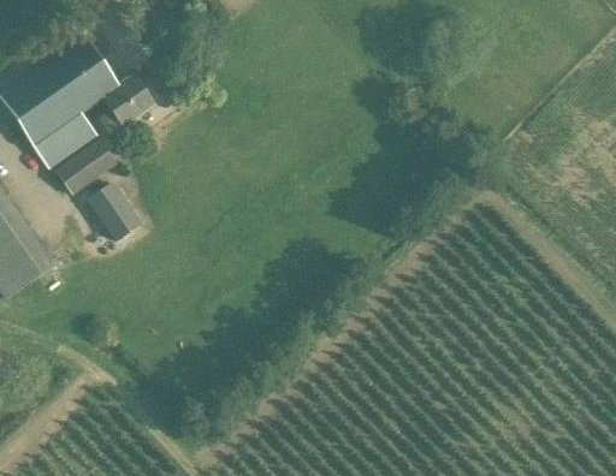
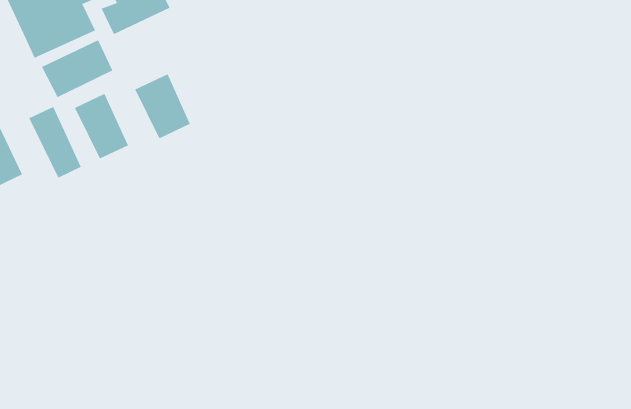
building: none -> [134,73,191,139]
building: none -> [29,106,81,179]

